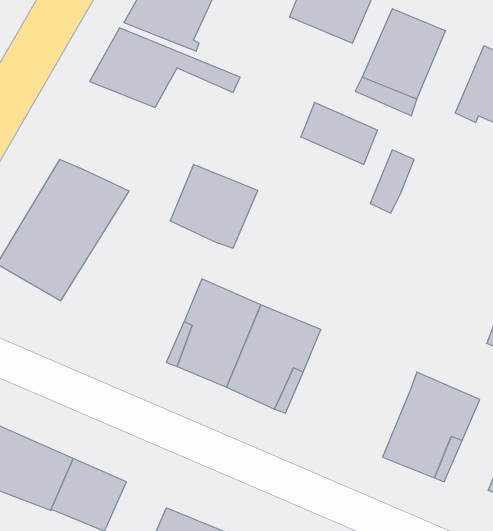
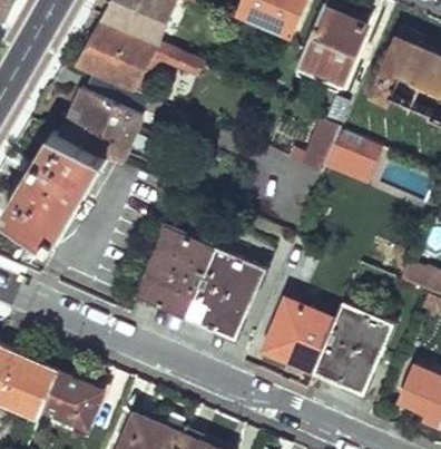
building: [301,103,377,164] -> [327,130,390,180]
building: [170,164,258,248] -> [69,92,140,160]
building: none -> [266,297,335,372]

